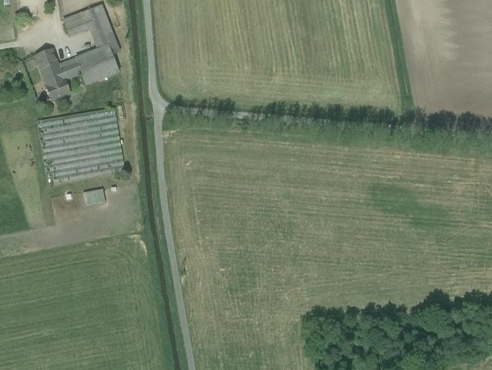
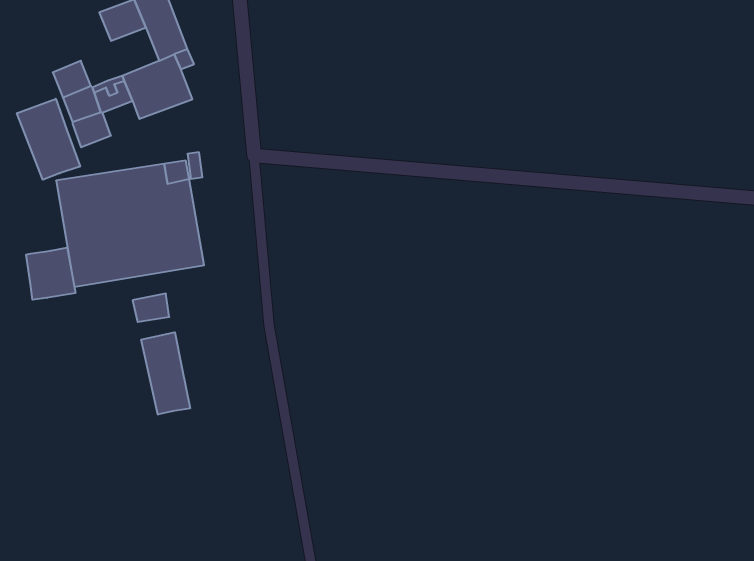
building: none -> [17,99,80,180]
building: none -> [26,247,75,300]
building: none -> [141,332,190,415]

